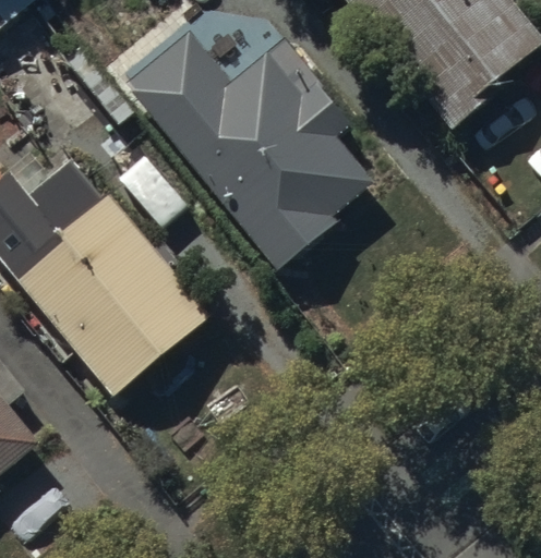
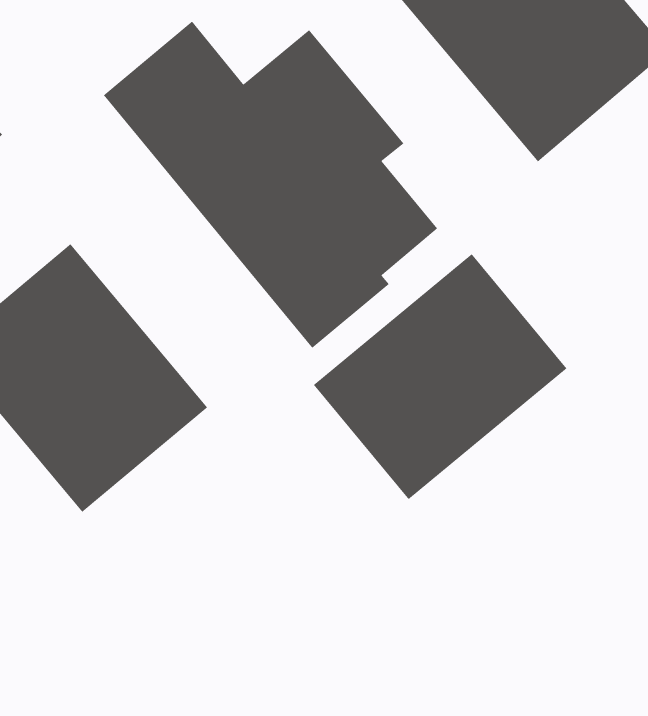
building: none -> [313,253,568,500]

